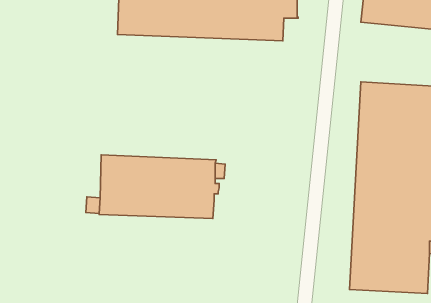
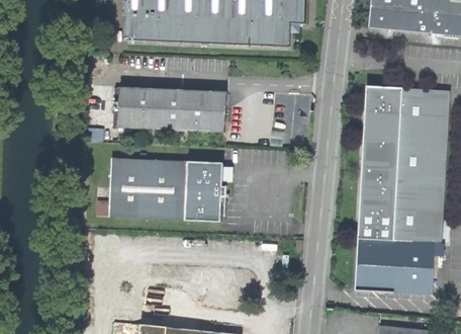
building: none -> [118,85,226,133]

